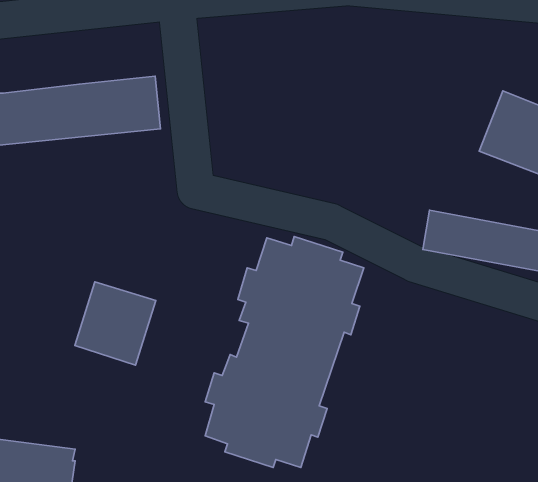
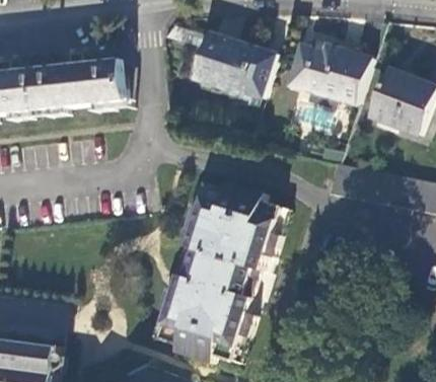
building: none -> [197,33,280,99]
building: none -> [291,45,372,103]
building: [75,282,156,365] -> none

